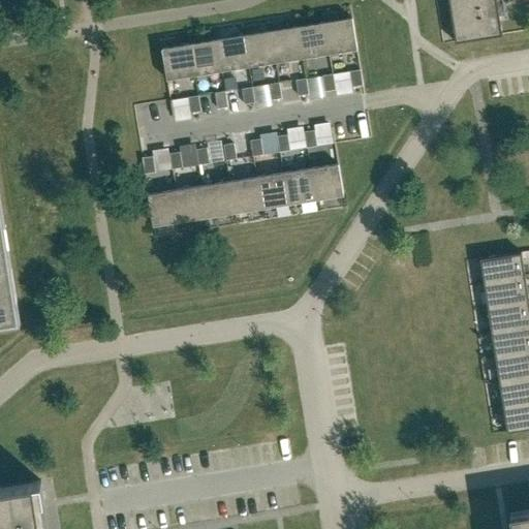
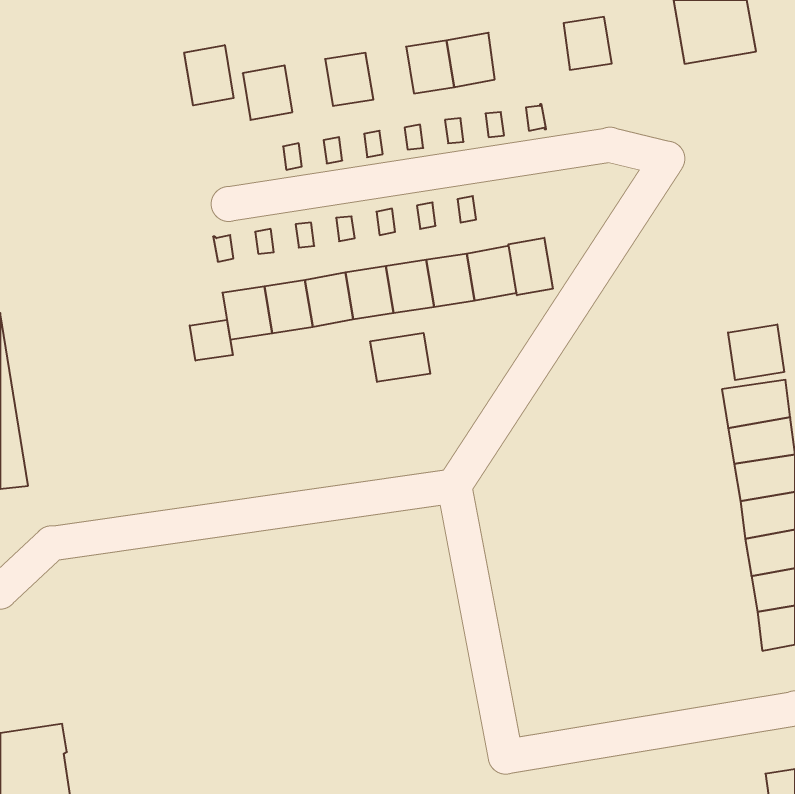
building: [324,19,356,54] -> [564,17,612,70]
building: none -> [184,45,234,105]
building: [243,32,275,67] -> none
building: [189,40,221,75] -> none
building: none -> [508,238,553,295]
building: none -> [190,320,233,361]
building: none -> [728,324,784,380]
building: none -> [370,333,430,382]

